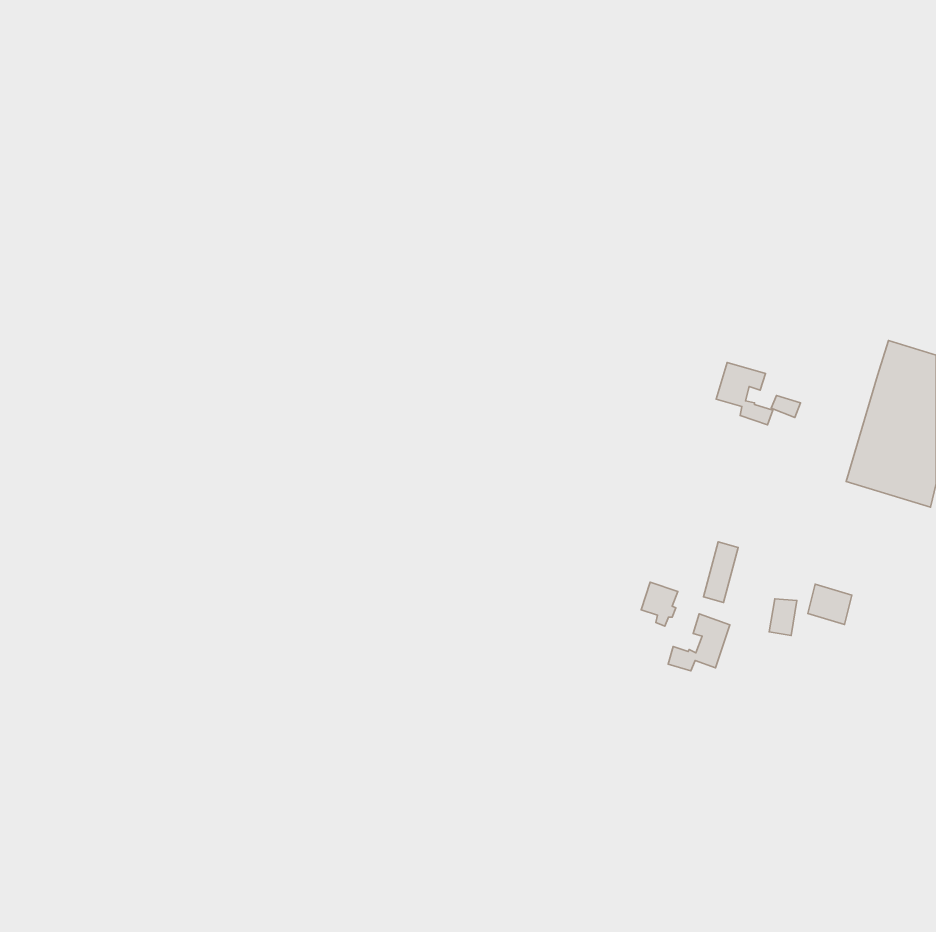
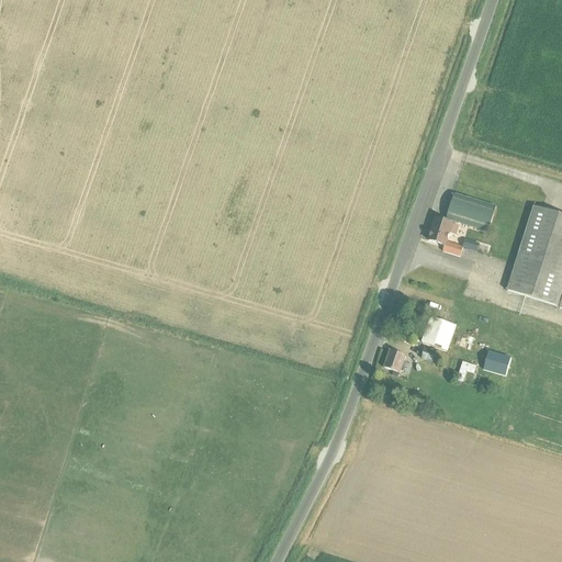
building: none -> [447,193,496,229]
building: [668,614,730,671] -> none

